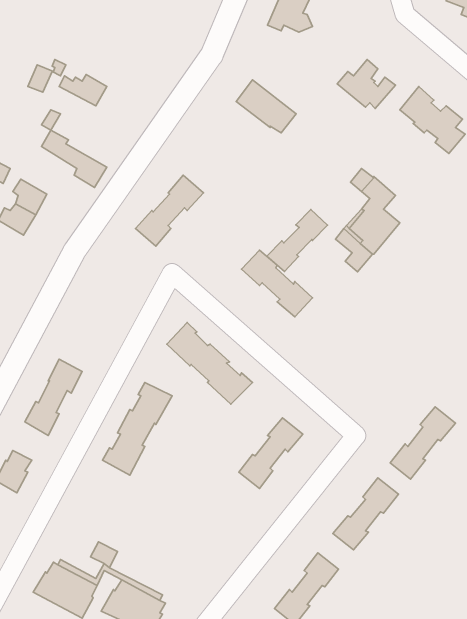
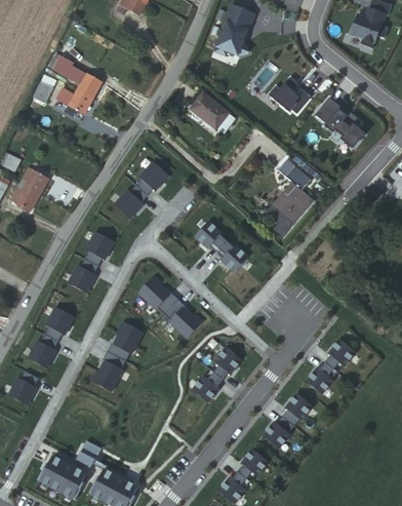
building: [41,130,107,187] -> [52,54,102,98]
building: [267,209,328,272] -> none
building: none -> [69,231,112,288]

